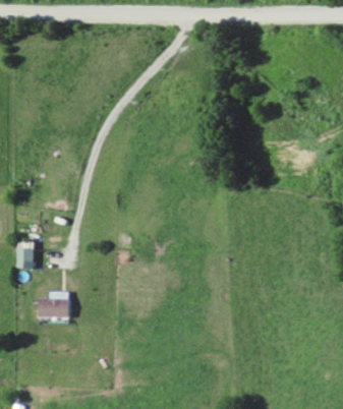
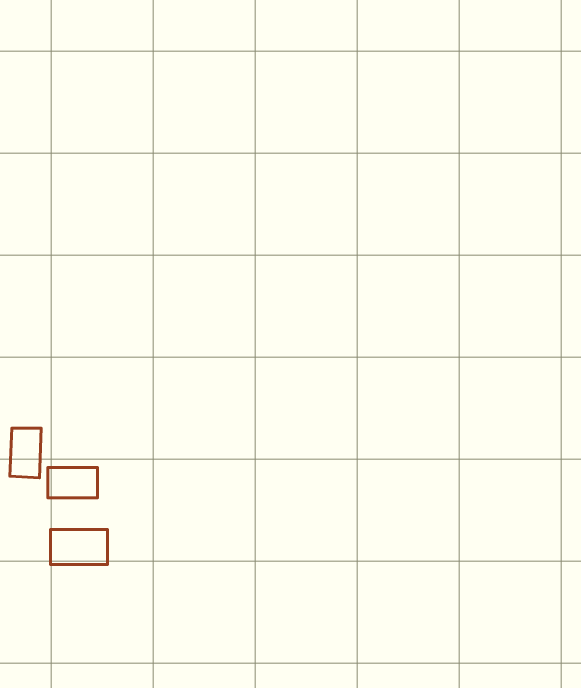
building: none -> [48,467,97,498]

